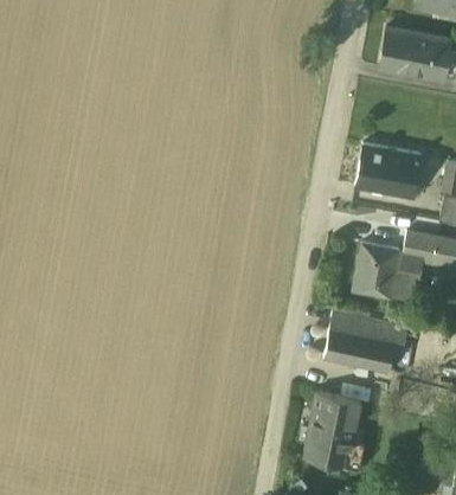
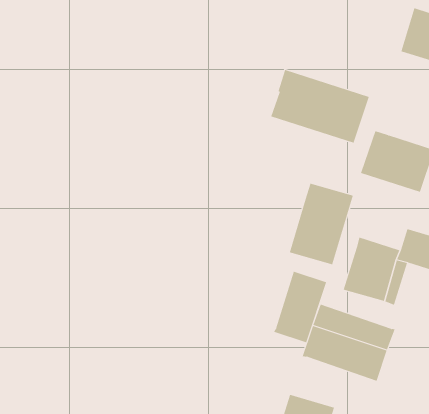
building: none -> [271,69,370,143]
building: none -> [289,183,354,265]
building: none -> [273,271,327,343]

